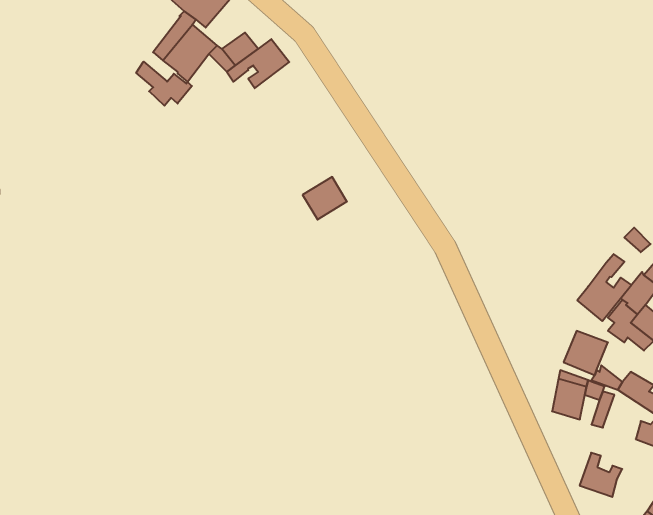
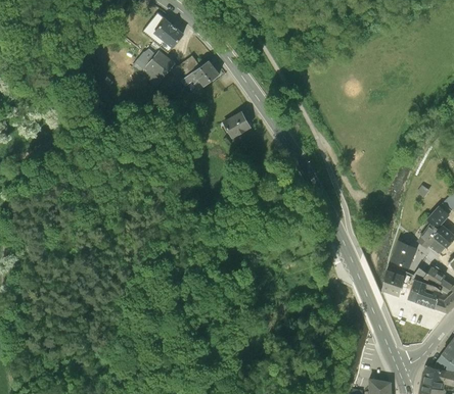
building: [136,62,192,106] -> none
building: [303,177,347,220] -> [224,112,252,139]
building: [577,254,631,321] -> none
building: [580,453,622,497] -> [415,282,442,309]

